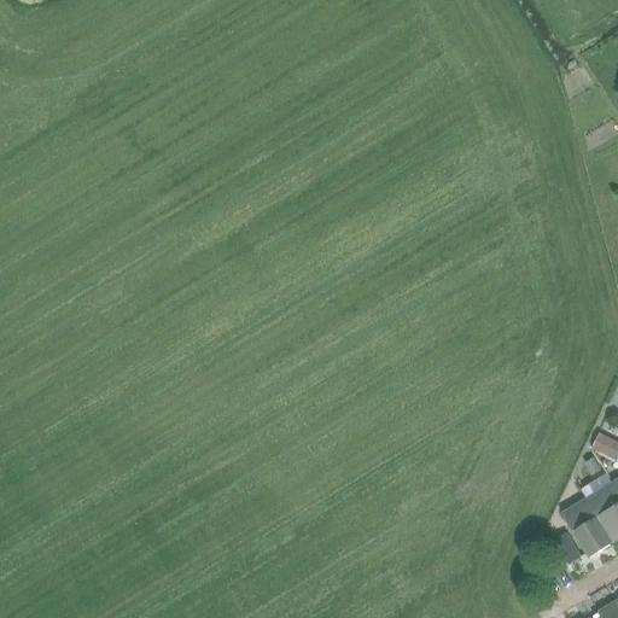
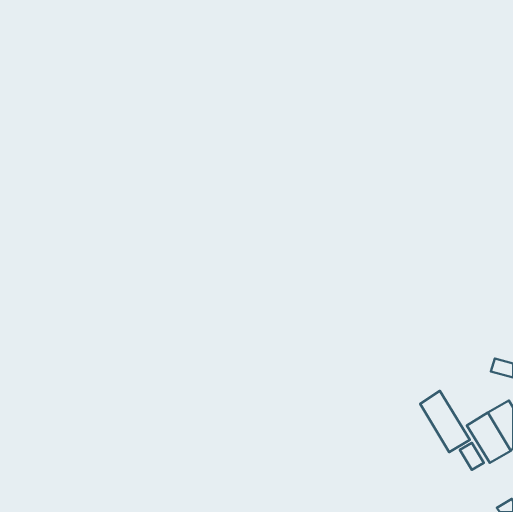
building: none -> [420,391,470,452]

